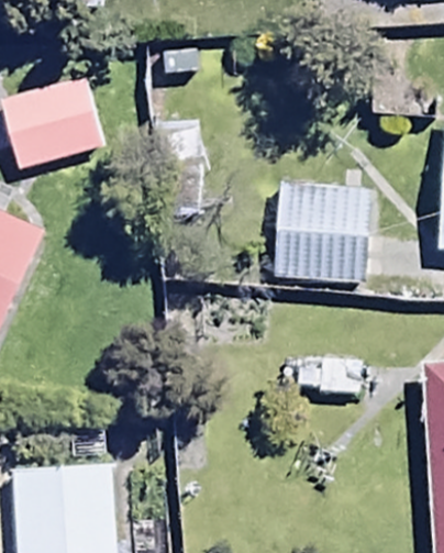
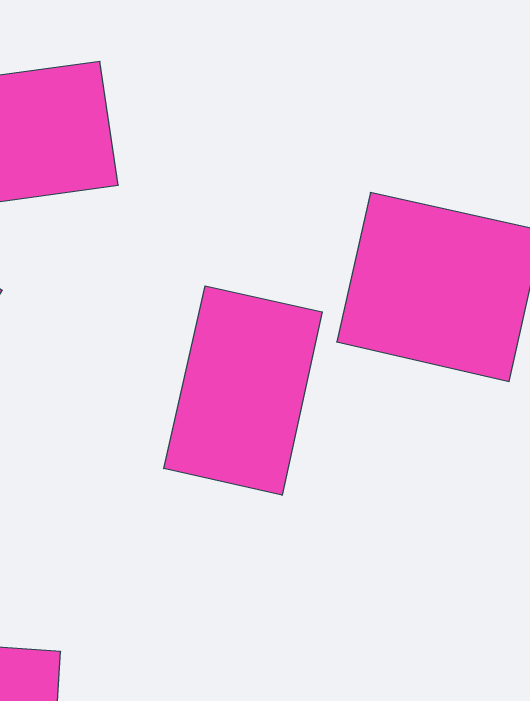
building: none -> [164,286,322,495]

